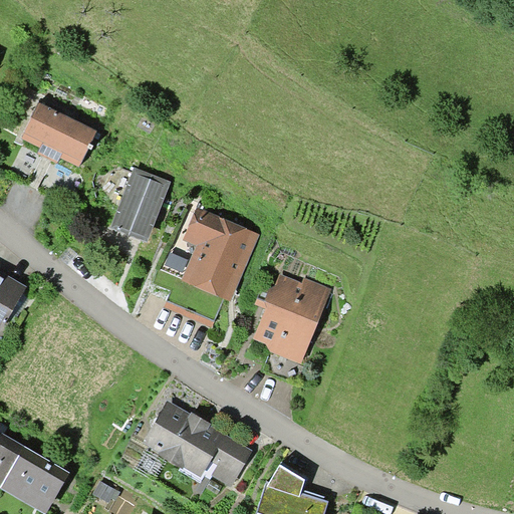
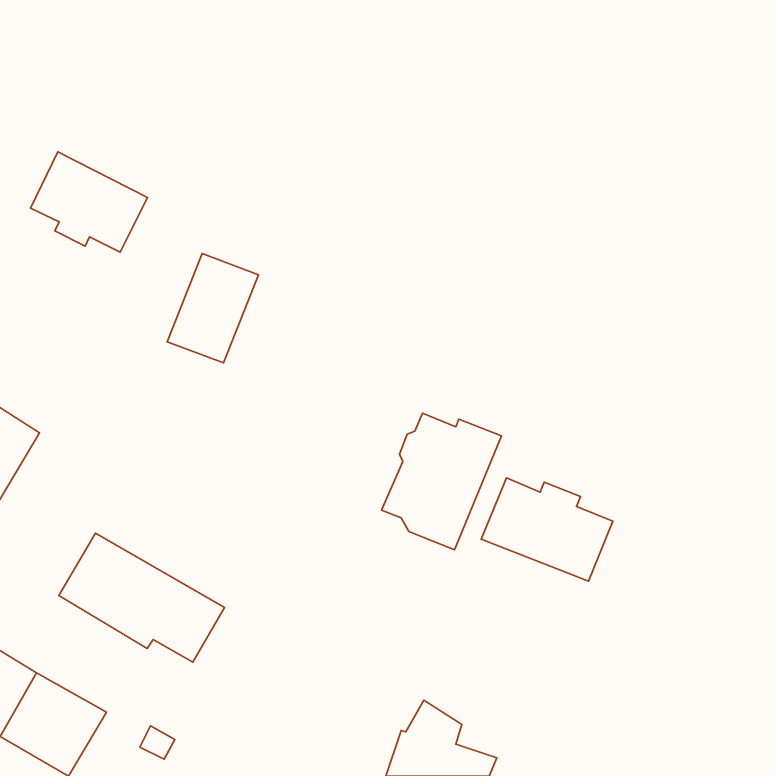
building: [181,207,260,301] -> none
building: none -> [481,478,613,581]
building: [143,401,252,486] -> [59,533,225,662]

